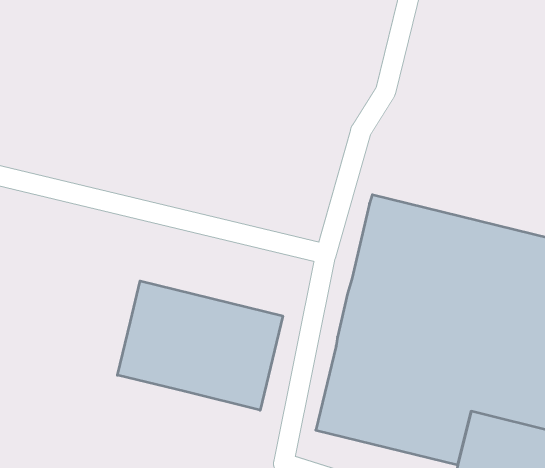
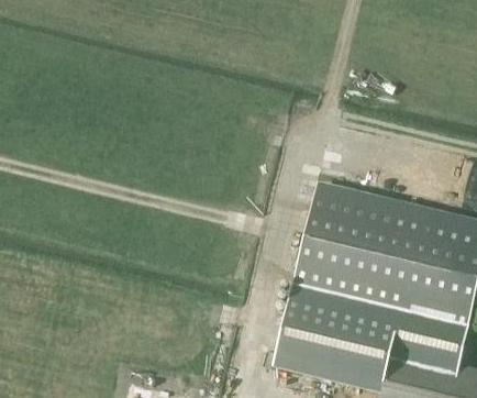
building: [117,281,283,410] -> none

